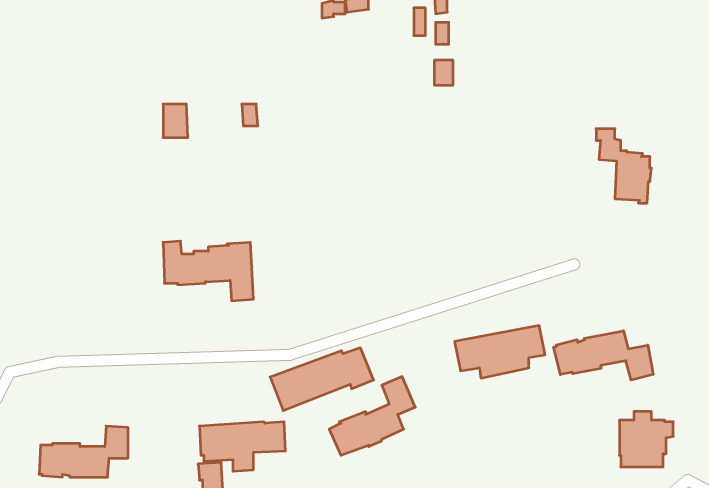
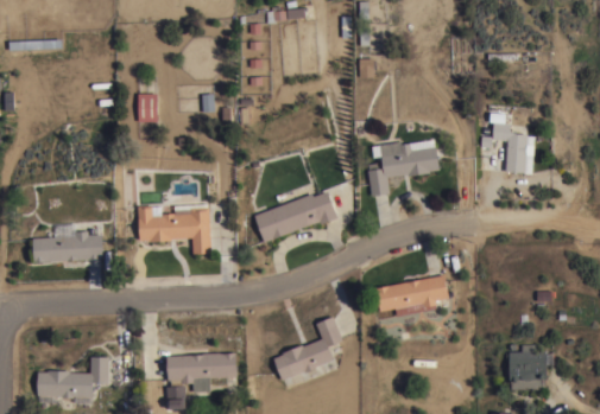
building: none -> [368,141,440,197]
building: none -> [33,231,103,263]
building: [554,331,653,380] -> none
building: [270,348,374,411] -> [254,192,339,243]

